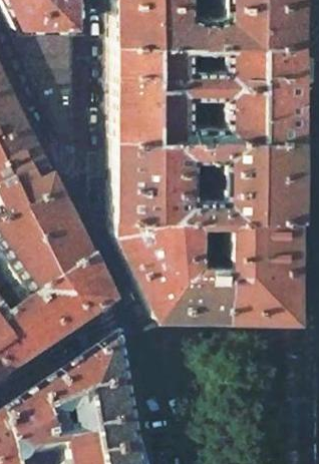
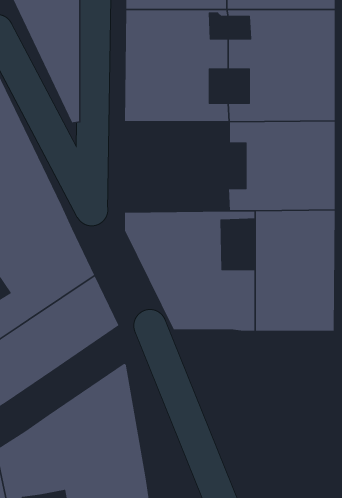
building: [119,134,210,211] -> none
building: [203,217,232,261] -> none

